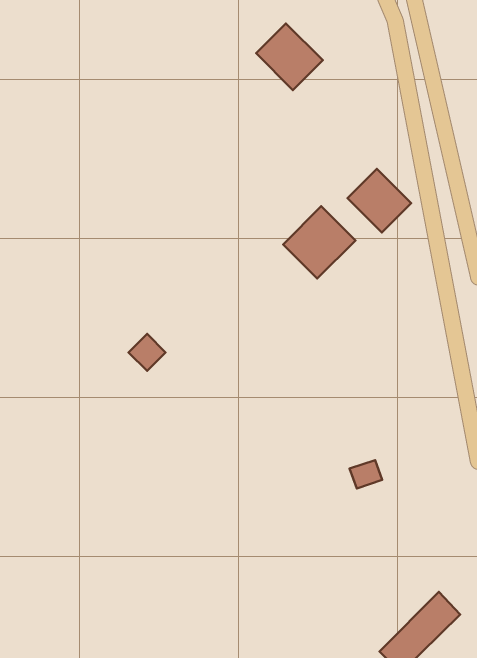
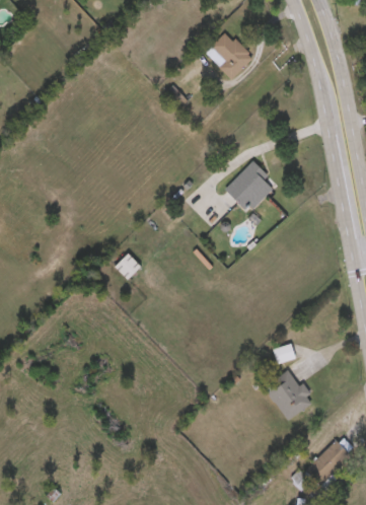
building: [347,169,411,232] -> none
building: none -> [265,368,313,420]

